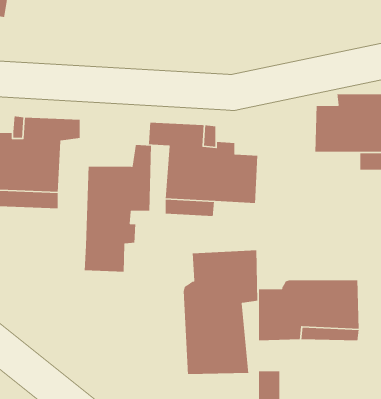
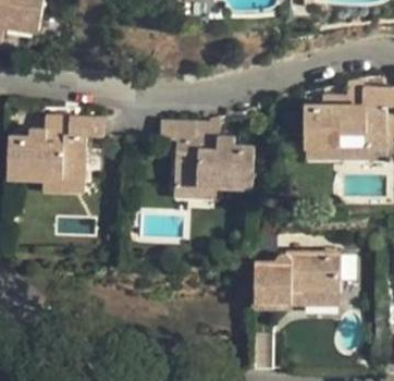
building: [84,144,152,273] -> none
building: [183,250,258,375] -> none

